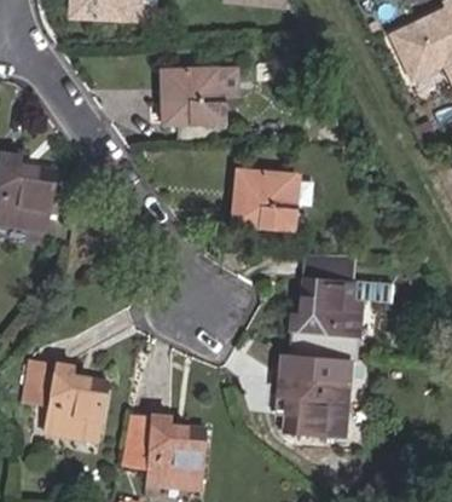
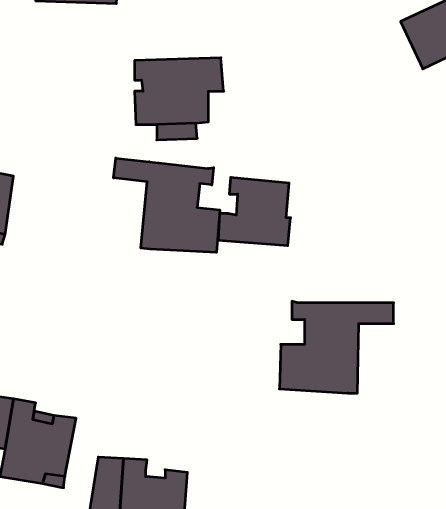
building: none -> [114,158,220,252]
building: [303,254,348,281] -> none
building: [277,356,347,439] -> none

